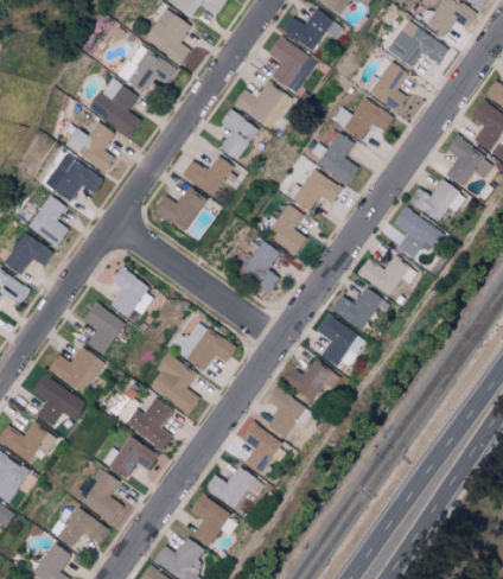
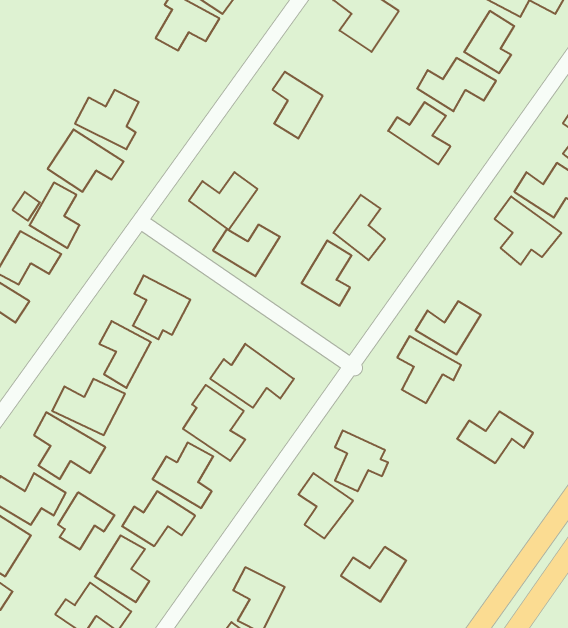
building: [89,77,141,138] -> none
building: [234,83,289,127] -> none
building: [182,157,234,197] -> [213,225,280,276]
building: [286,168,343,212] -> none
building: [358,256,418,297] -> none
building: [281,361,340,401] -> [457,411,533,463]
building: none -> [58,492,114,550]
building: [204,467,255,510] -> [341,547,406,602]

